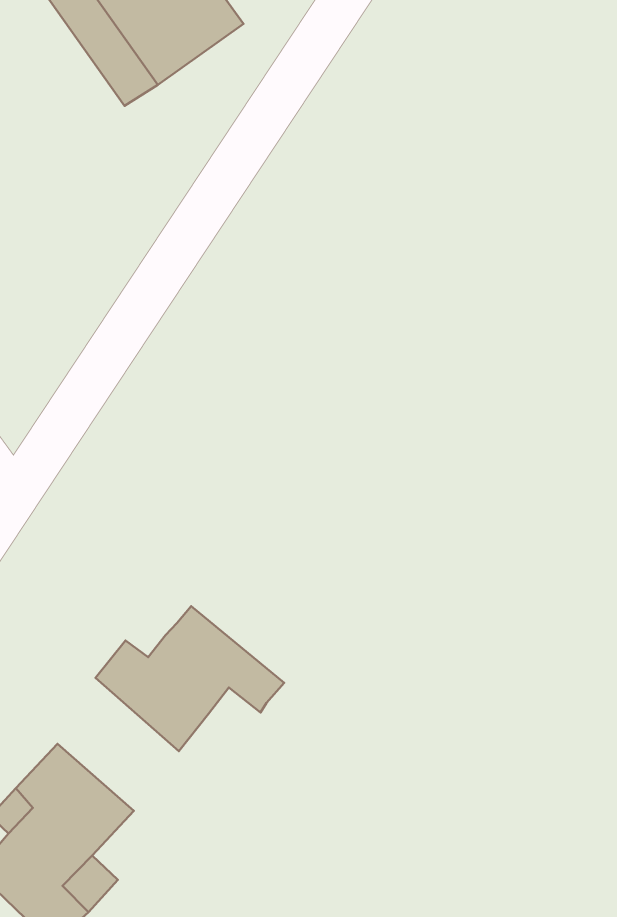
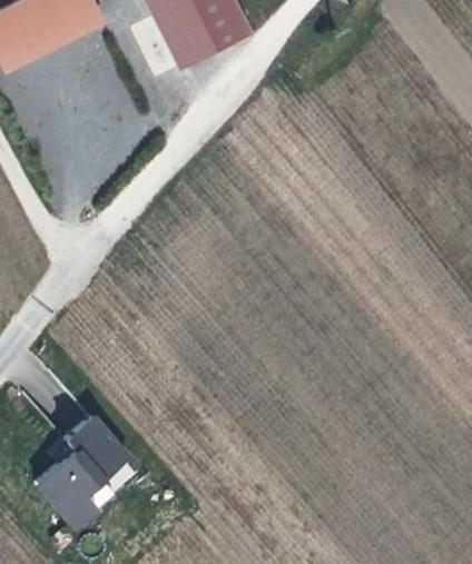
building: [96,606,284,751] -> none

